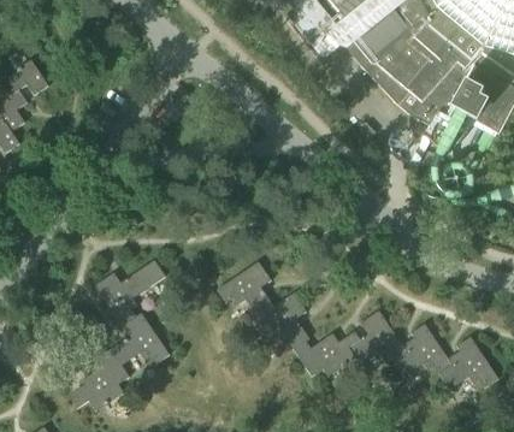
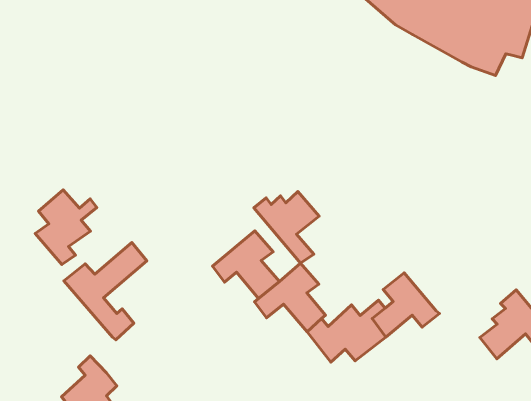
building: none -> [35,190,97,264]
building: none -> [254,192,319,263]
building: [389,321,451,375] -> none
building: [110,325,170,363] -> none

